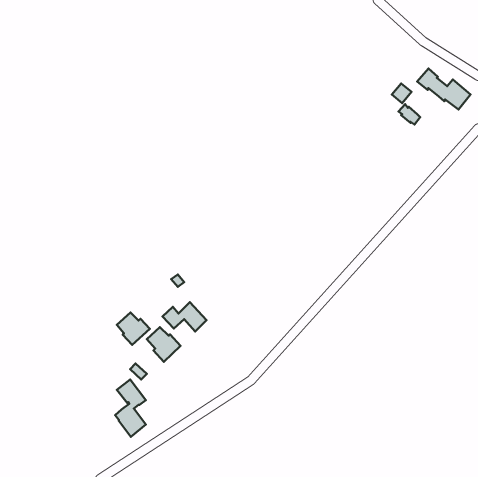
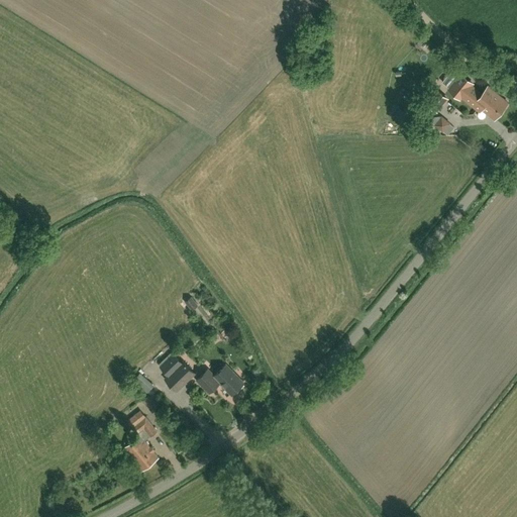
building: [163,302,207,331] -> [197,366,244,397]
building: [117,312,150,345] -> none

